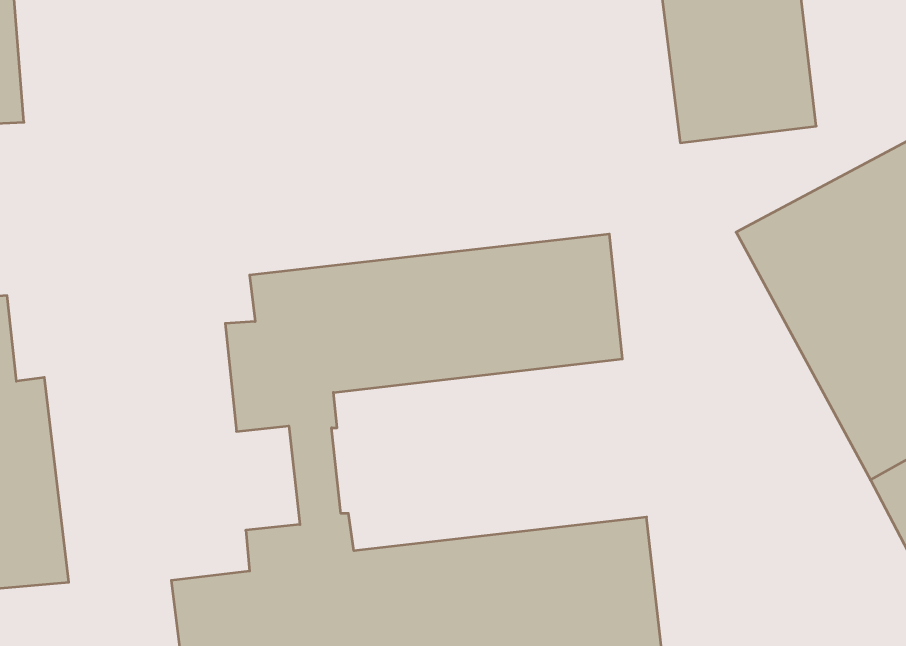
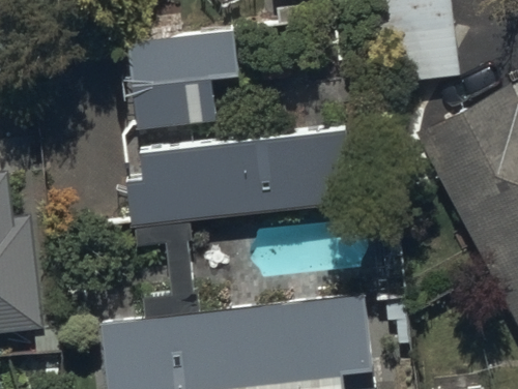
building: none -> [126,29,239,129]

